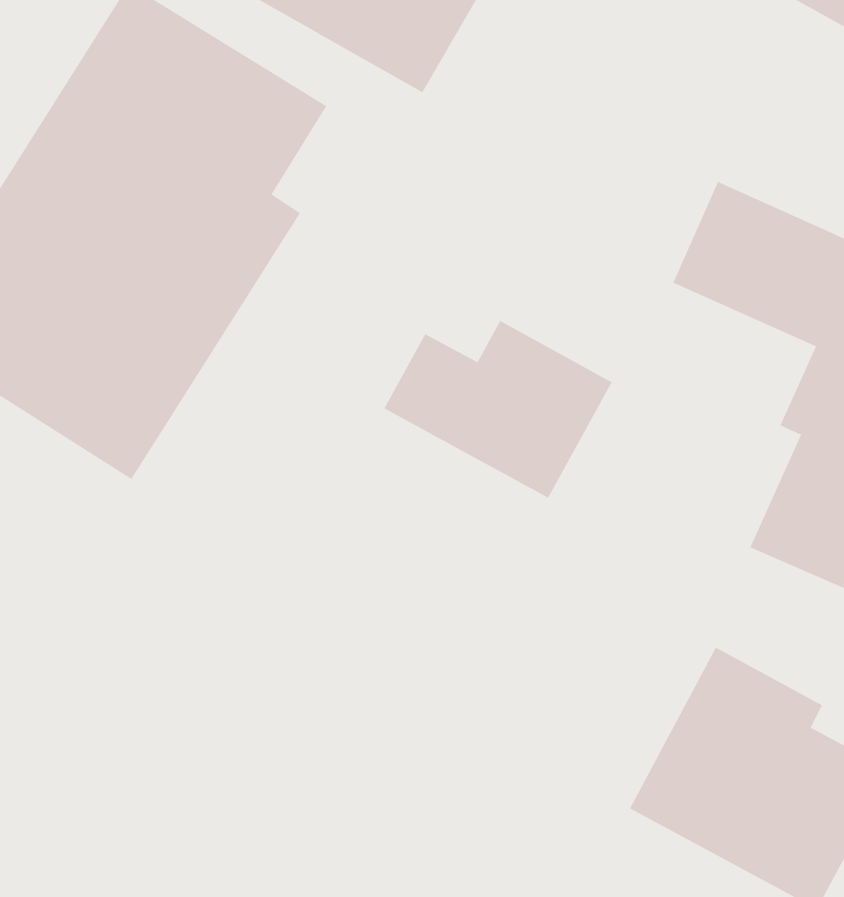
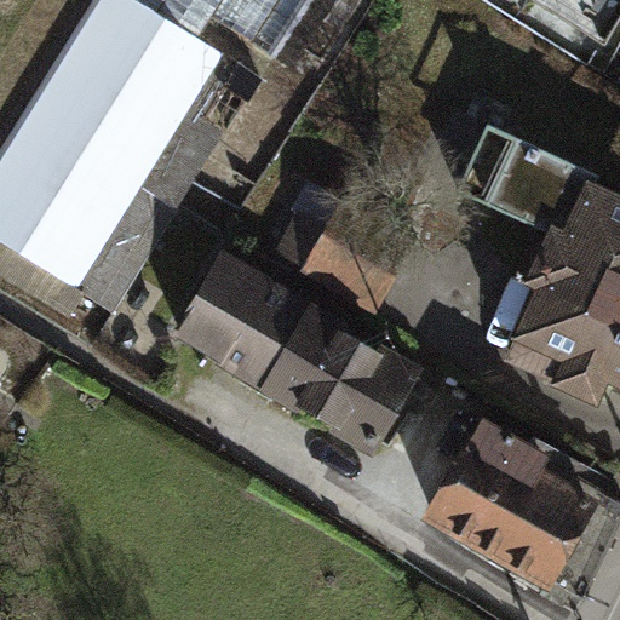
building: none -> [172,251,417,447]

